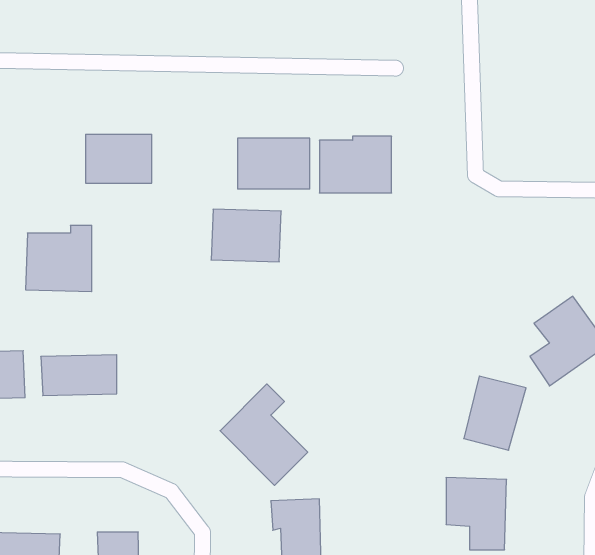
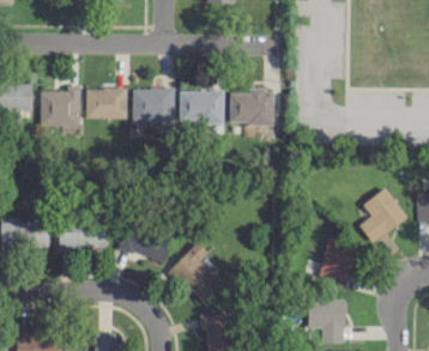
building: [211,209,281,262] -> [132,89,175,121]
building: [26,225,92,292] -> [40,86,80,127]
building: none -> [119,223,174,264]

